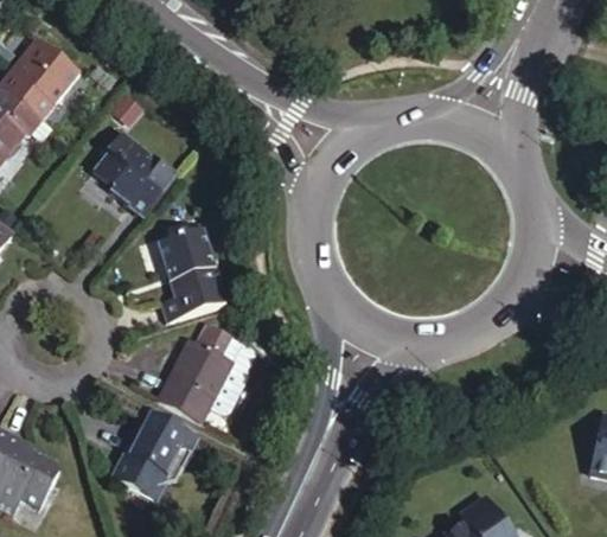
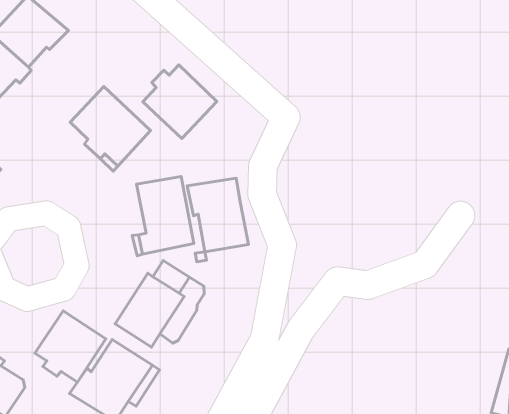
building: none -> [143,65,217,139]
building: none -> [187,178,249,252]
building: none -> [35,311,106,382]

